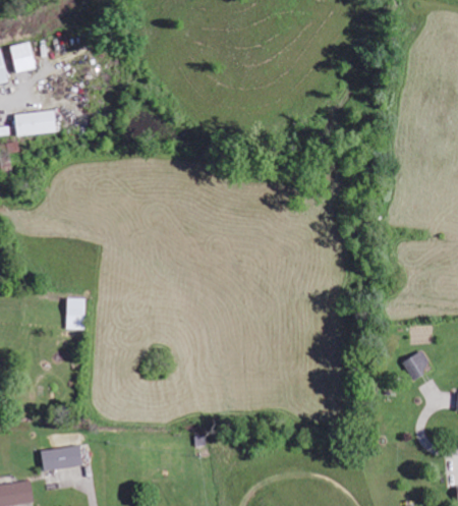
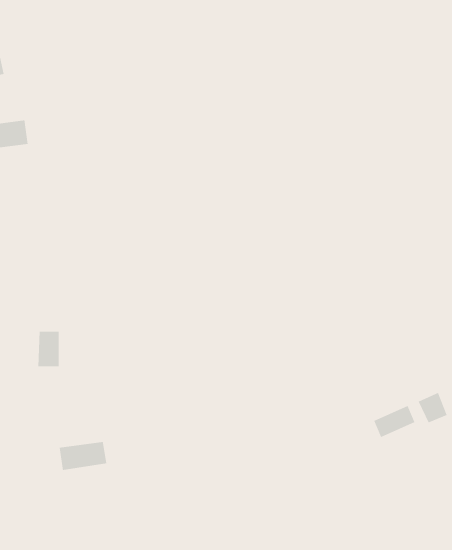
building: none -> [373,405,415,438]
building: [41,445,83,470] -> [59,442,107,470]

